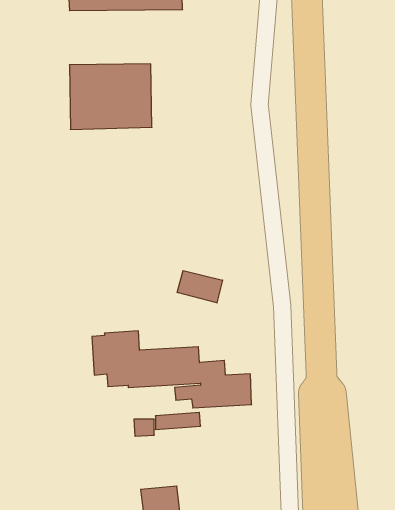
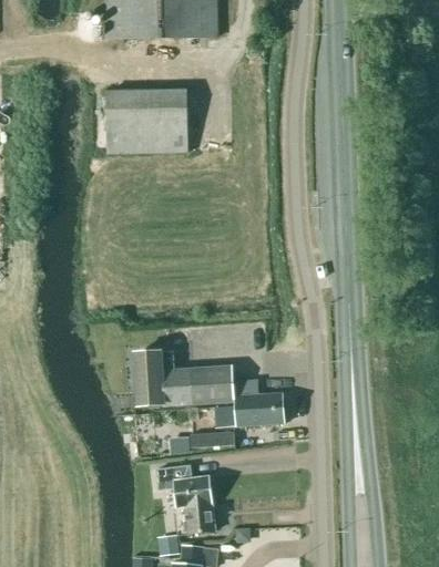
building: [177,271,223,303] -> none
building: none -> [156,464,213,505]

